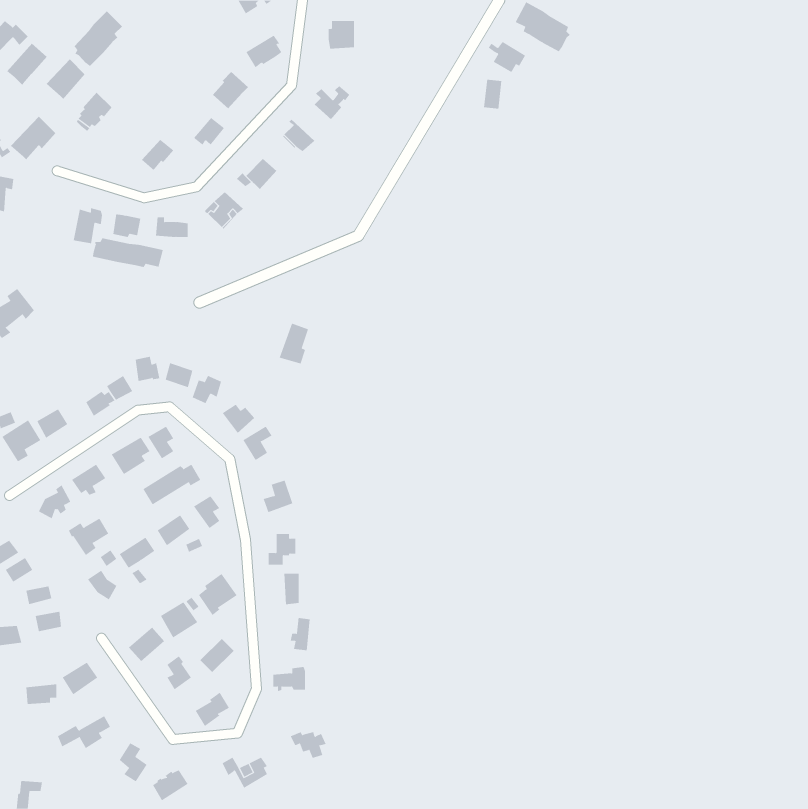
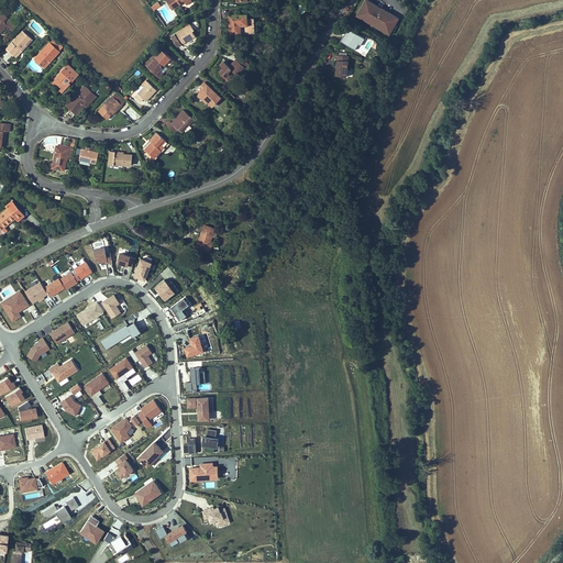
building: [74,11,123,67] -> none
building: [10,116,56,160] -> [64,86,96,117]
building: [92,238,164,268] -> none

